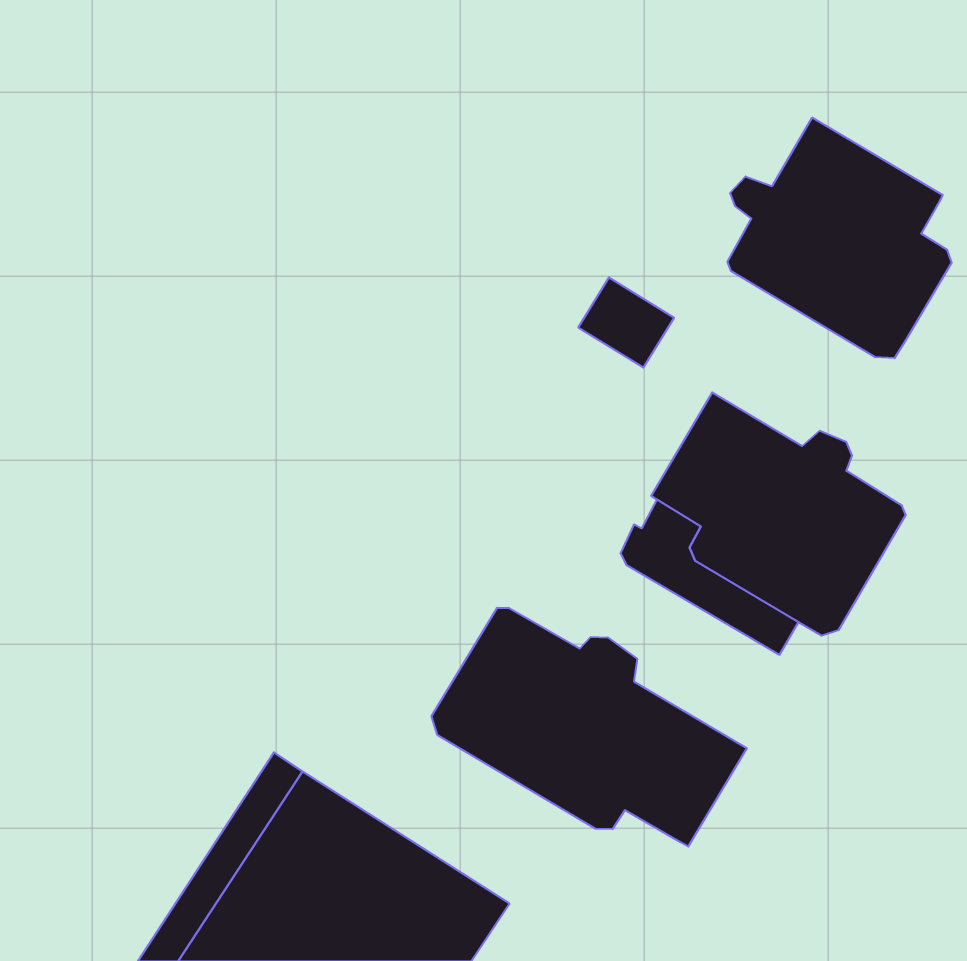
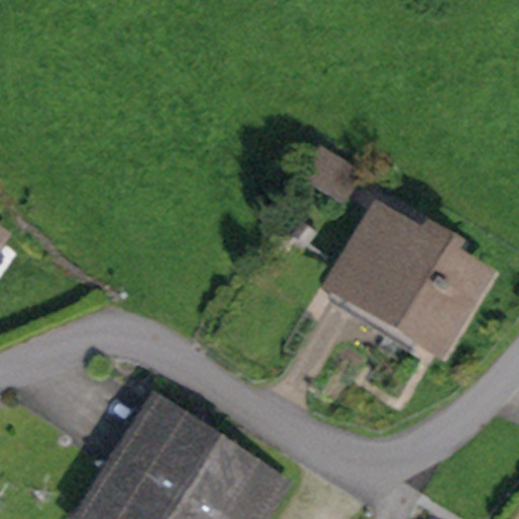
building: [728,118,952,358] -> none
building: [432,608,747,847] -> none

